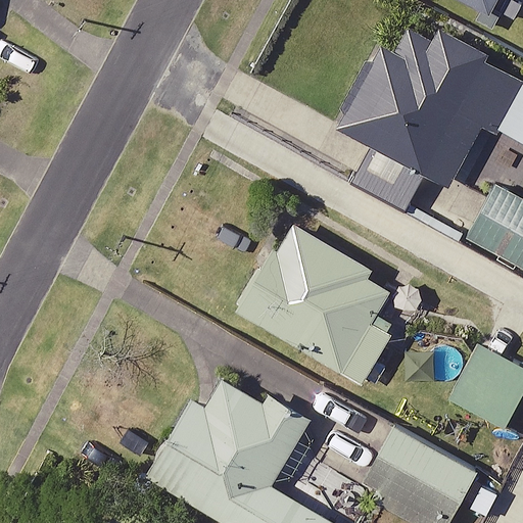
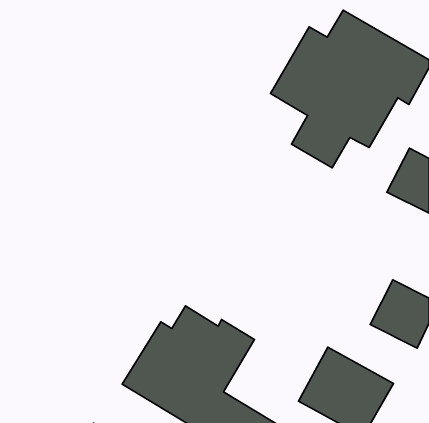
building: [240,222,415,385] -> none

